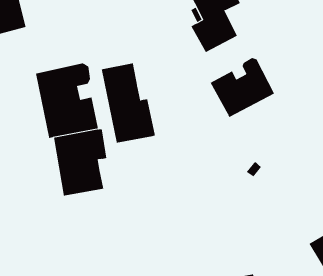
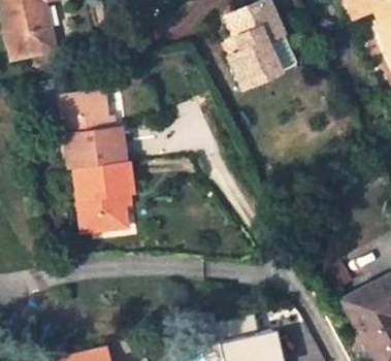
building: [210,57,275,118] -> none
building: [101,62,155,144] -> none

